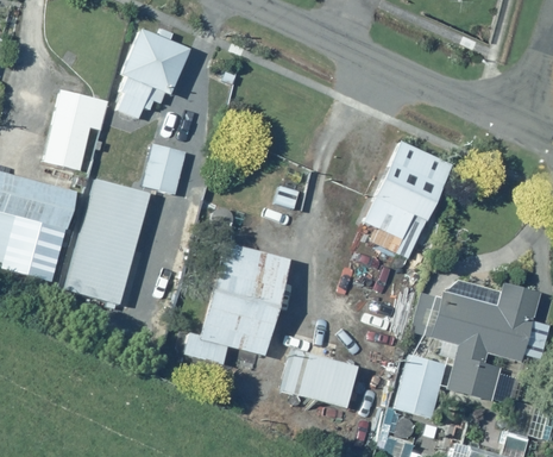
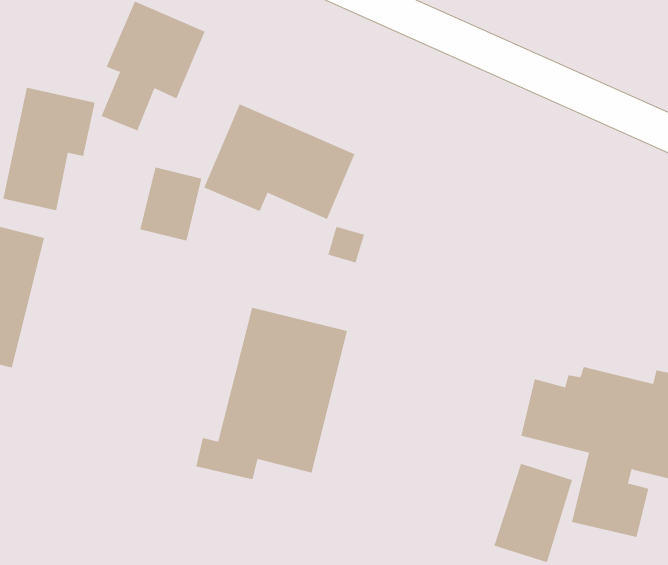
building: none -> [203,103,355,220]
building: [363,138,454,257] -> none
building: [64,176,150,307] -> none
building: [283,348,360,408] -> none

